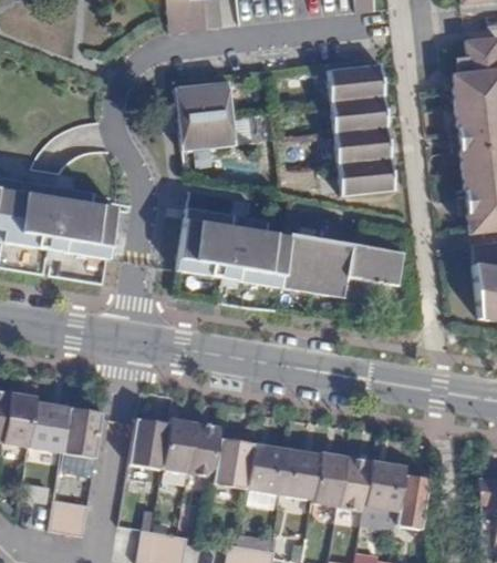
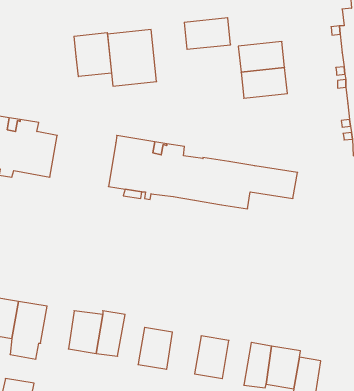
building: [328,64,383,102] -> [184,18,231,49]
building: none -> [74,33,112,77]
building: [338,158,393,194] -> none
building: [187,422,221,477] -> none
building: [246,443,287,493] -> none
building: [312,452,346,506] -> none

